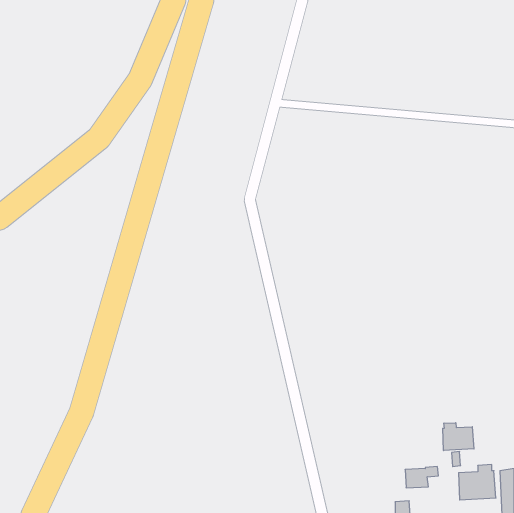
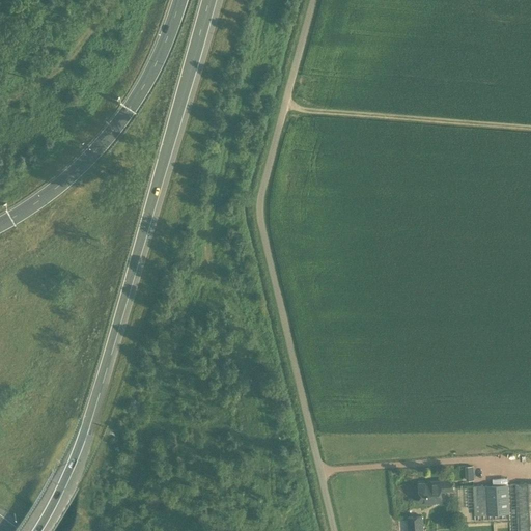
building: [443,423,474,451] -> none

